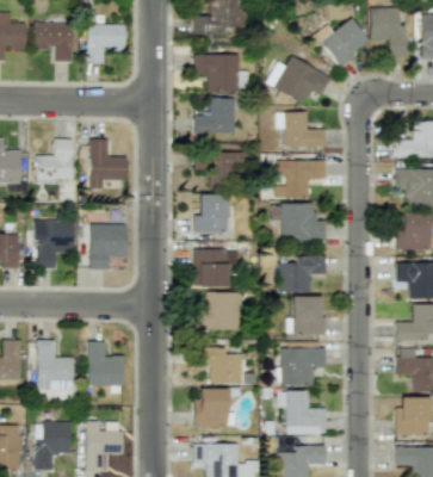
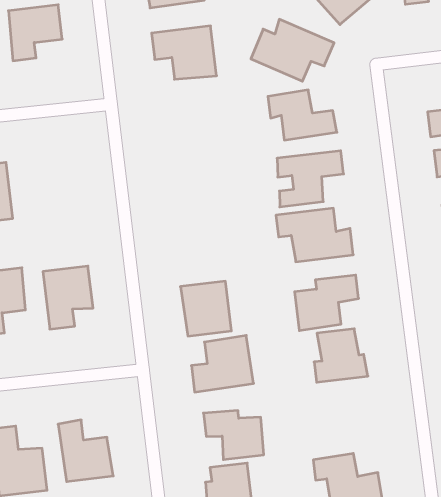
building: [194,97,235,134] -> none
building: [91,138,128,188] -> none
building: [194,151,243,185] -> none
building: [194,193,229,233] -> none
building: [279,347,326,385] -> none

